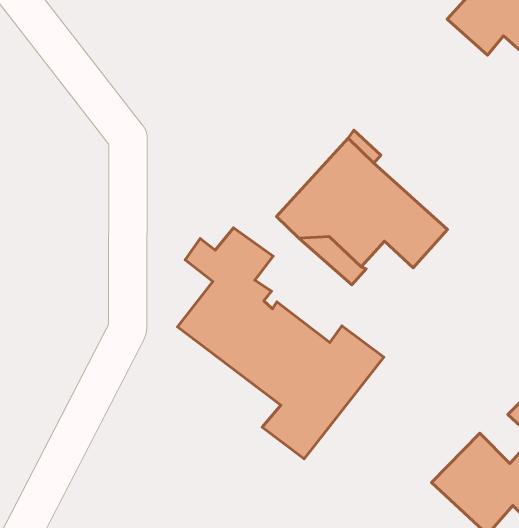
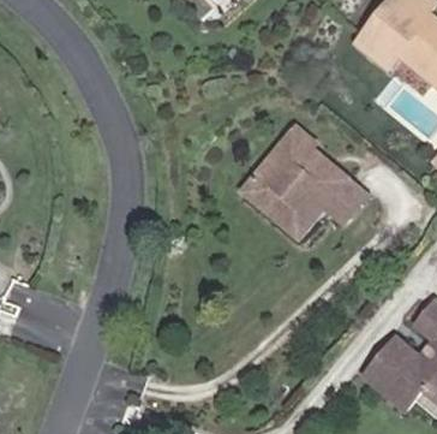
building: [178,228,384,459] -> none

